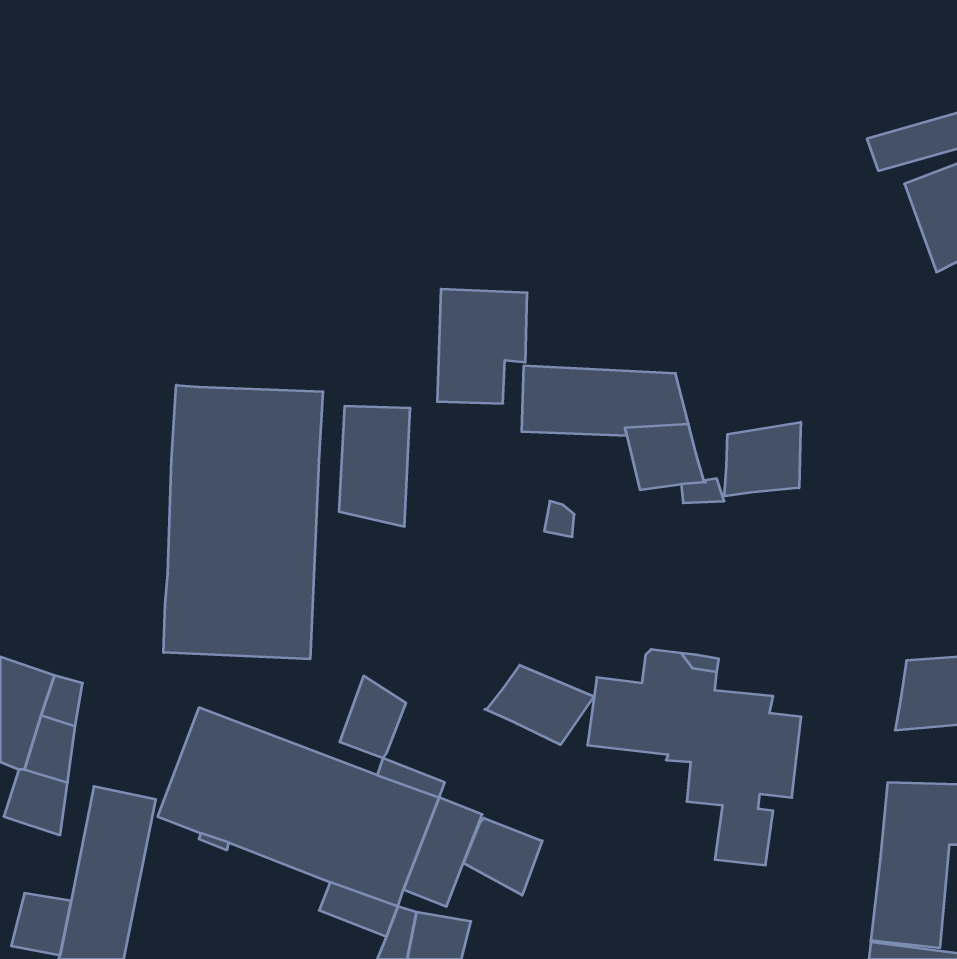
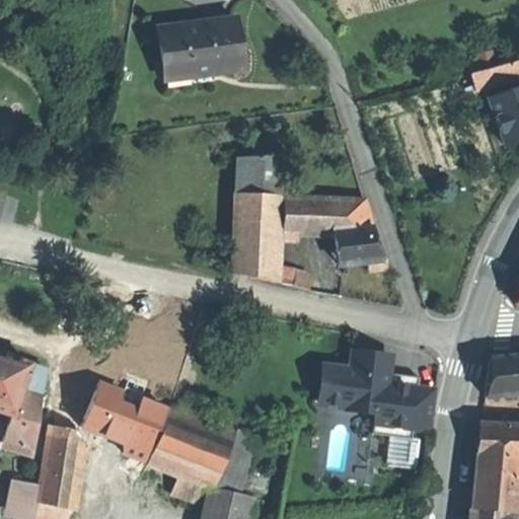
building: none -> [156,15,240,79]
building: [164,385,323,659] -> none
building: [339,406,410,526] -> [234,217,273,282]
building: [723,422,801,497] -> none
building: [485,665,594,745] -> none
building: [340,676,406,758] -> none
building: [463,818,542,895] -> none

